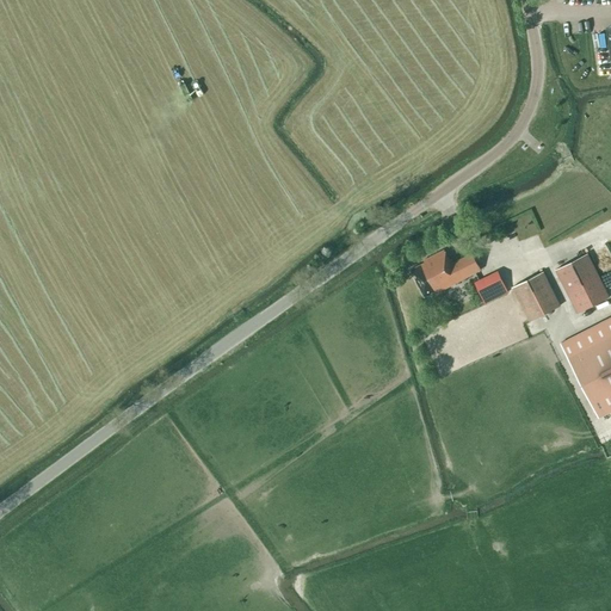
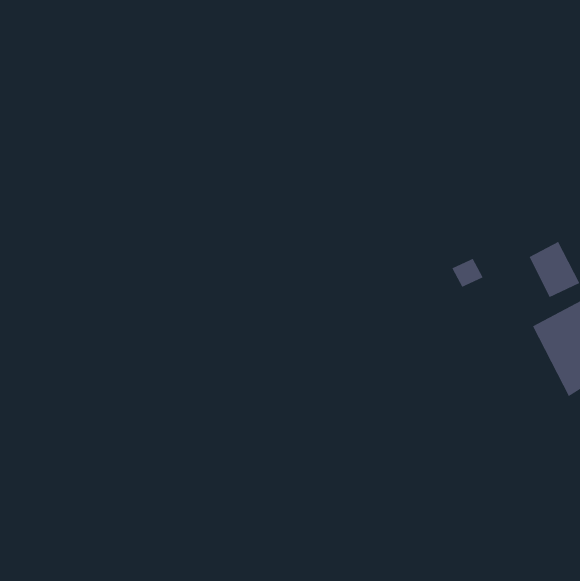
building: [412,251,482,297] -> none
building: [513,272,562,321] -> none

